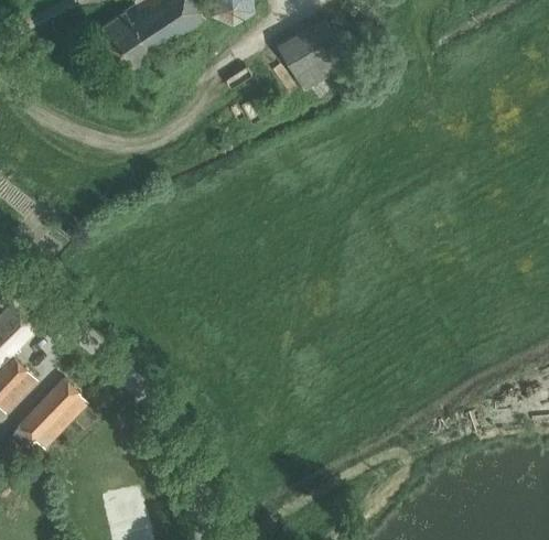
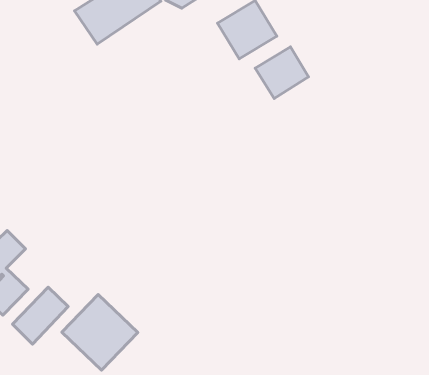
building: none -> [255,47,309,98]
building: none -> [62,295,138,370]

